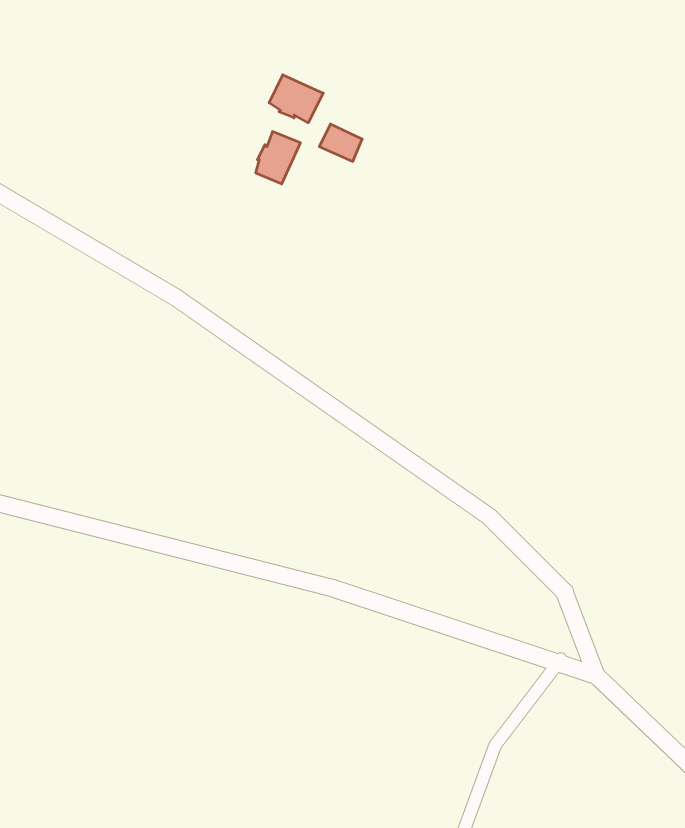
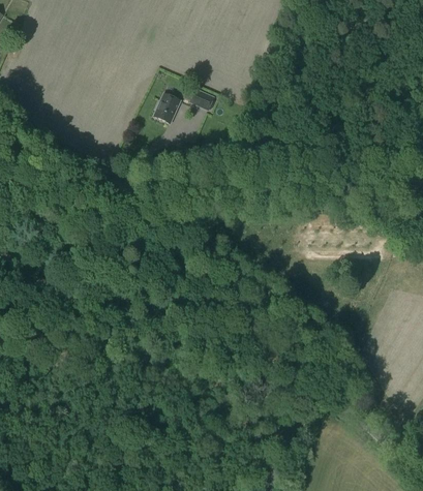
building: [269,75,323,123] -> none

